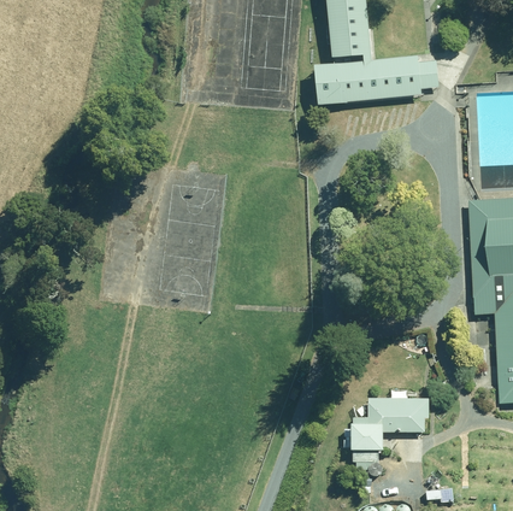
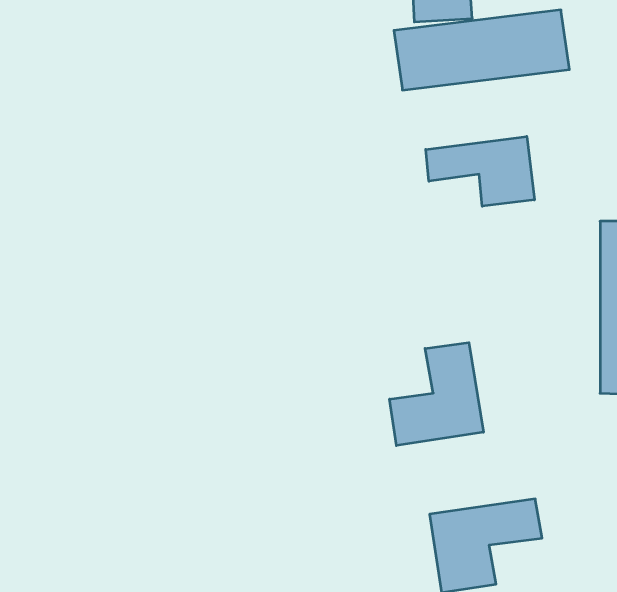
building: none -> [426,136,534,206]
building: none -> [390,343,483,446]

